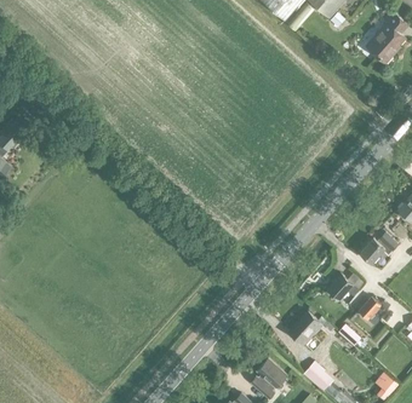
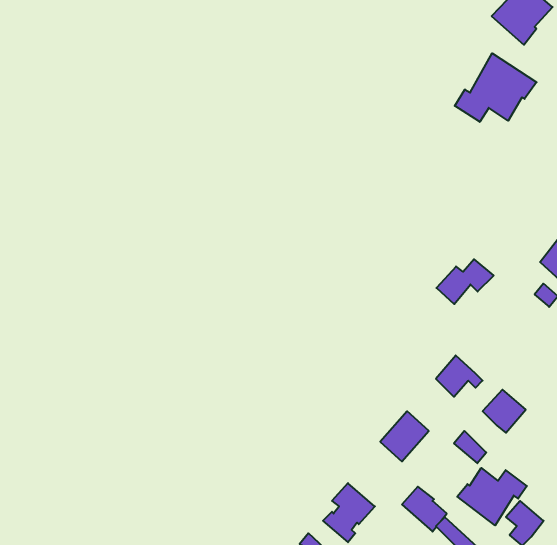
building: none -> [455,53,537,122]
building: [357,231,396,261] -> [436,259,494,304]
building: none -> [457,468,527,525]

